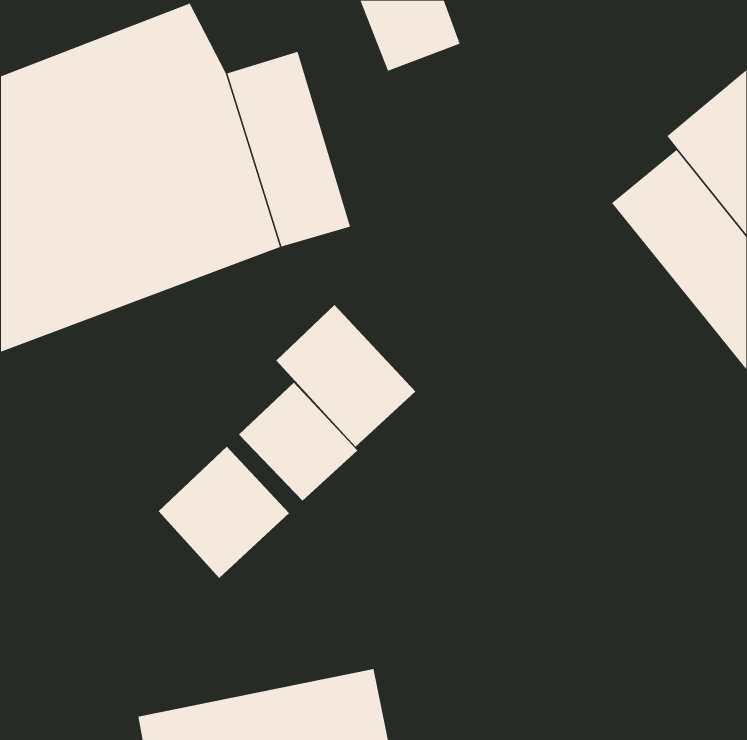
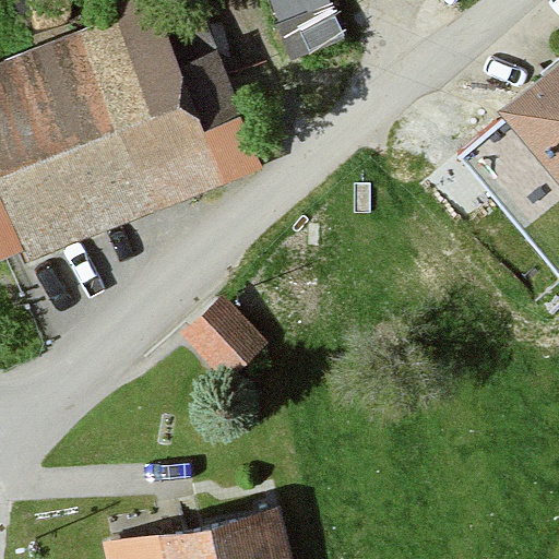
building: [276,304,416,448] -> none
building: [158,446,290,579] -> none

